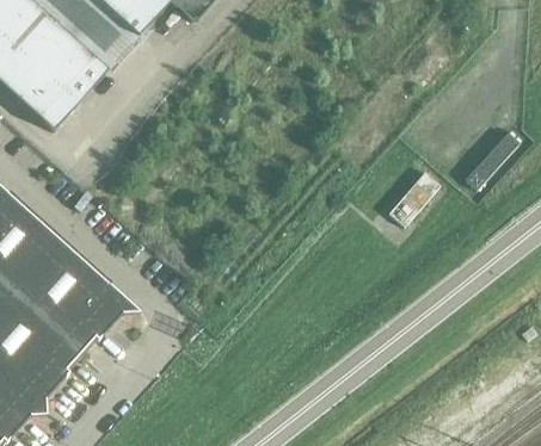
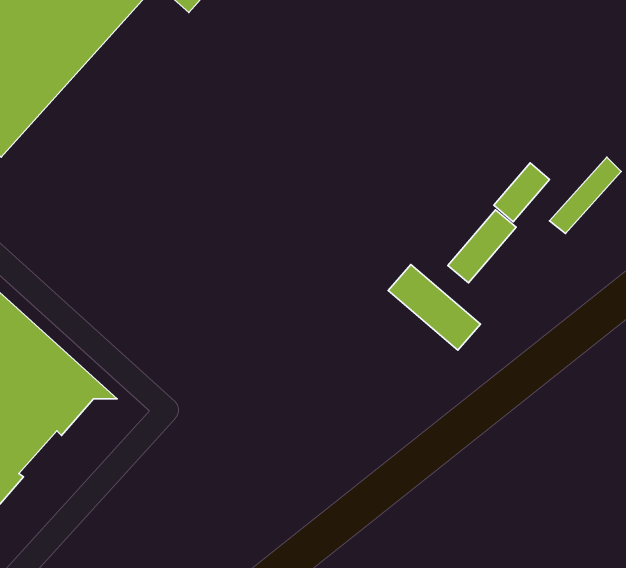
building: none -> [494,163,549,222]
building: none -> [388,264,480,350]

